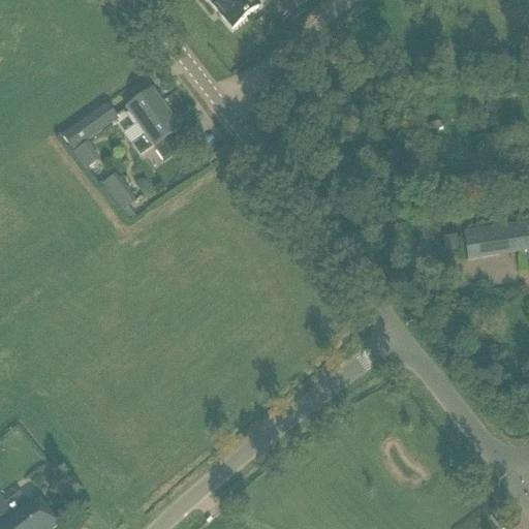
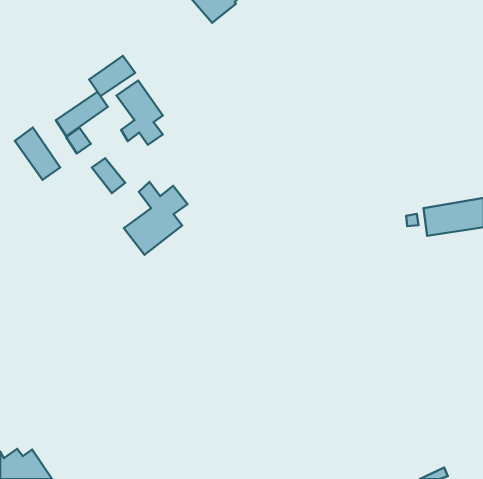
building: none -> [89,56,135,96]
building: none -> [15,127,60,180]
building: none -> [124,182,188,255]

